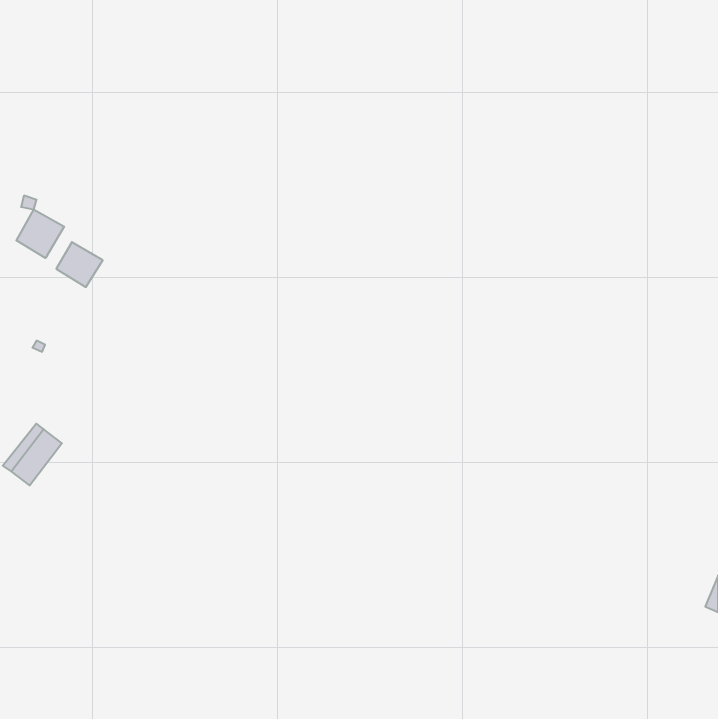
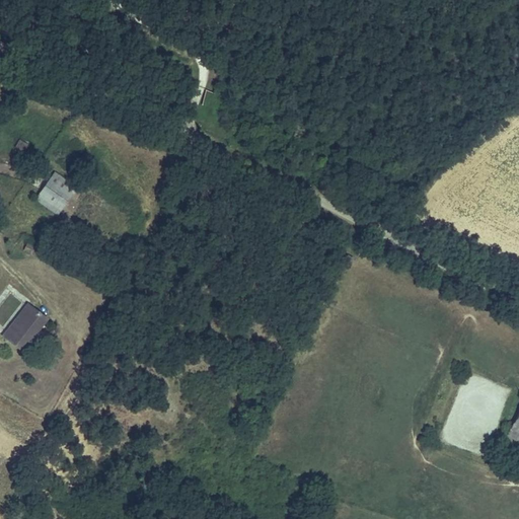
building: [16,210,64,258] -> none

